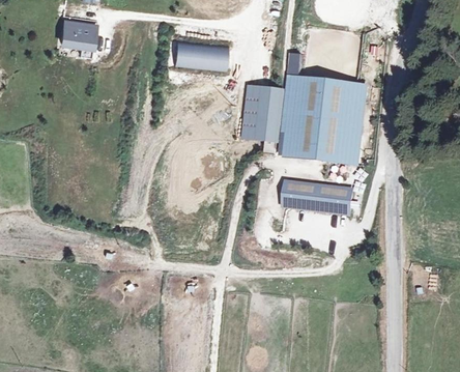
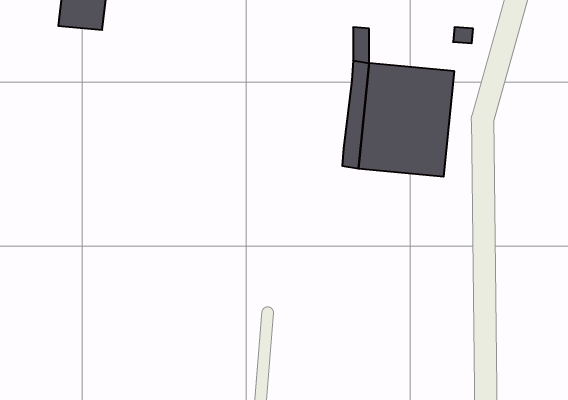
building: [173,42,224,69] -> none
building: [240,86,288,143] -> none
building: [283,181,350,211] -> none

